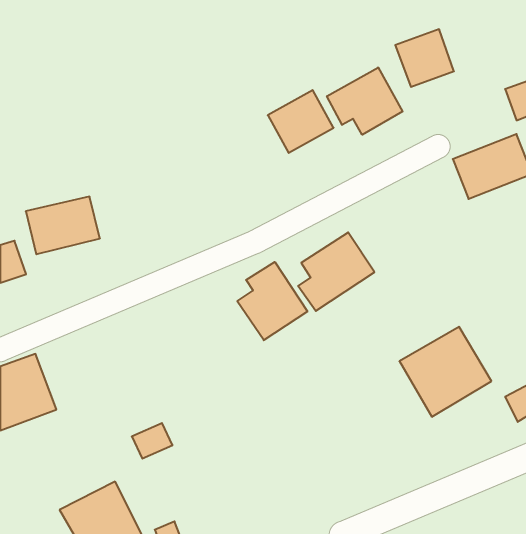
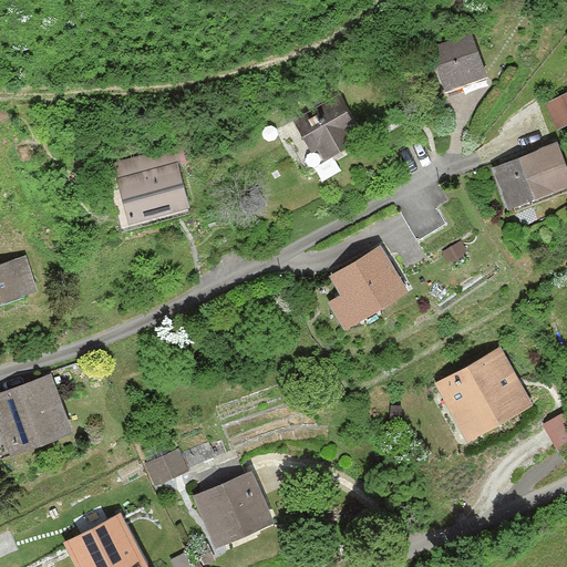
building: [327,67,403,135] -> none
building: [26,197,100,254] -> [109,165,187,226]
building: [237,262,307,340] -> none
building: none -> [190,471,272,547]

